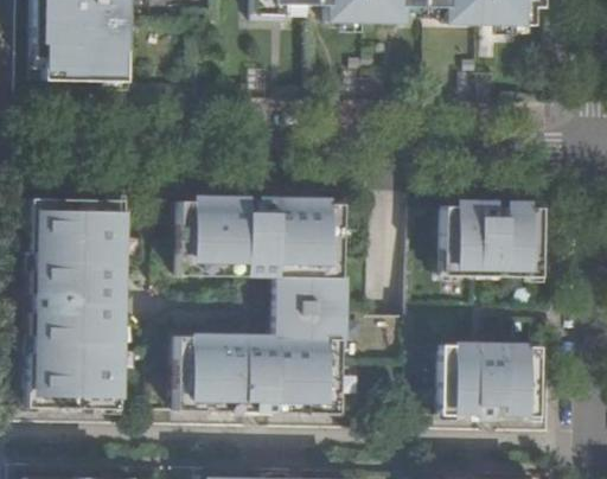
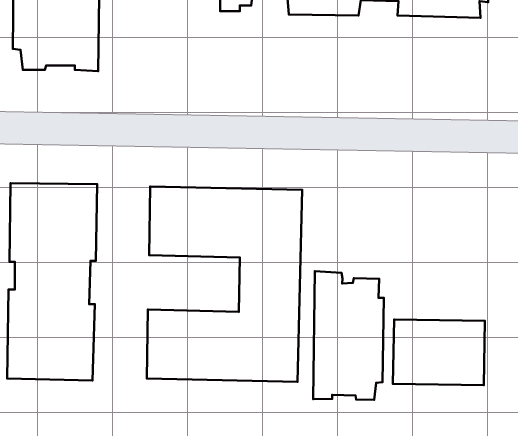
building: [443,206,542,276] -> none
building: none -> [313,271,384,400]

